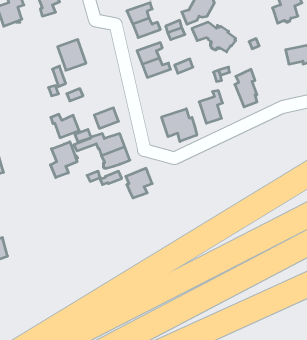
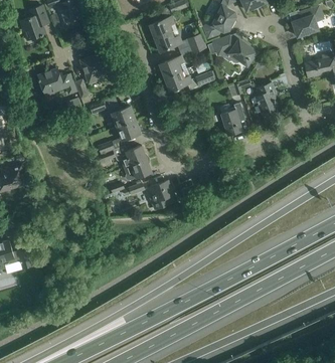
building: none -> [37,67,75,95]
building: [162,109,197,142] -> none
building: [51,114,79,138] -> [107,104,135,127]
building: [50,142,78,178] -> none

